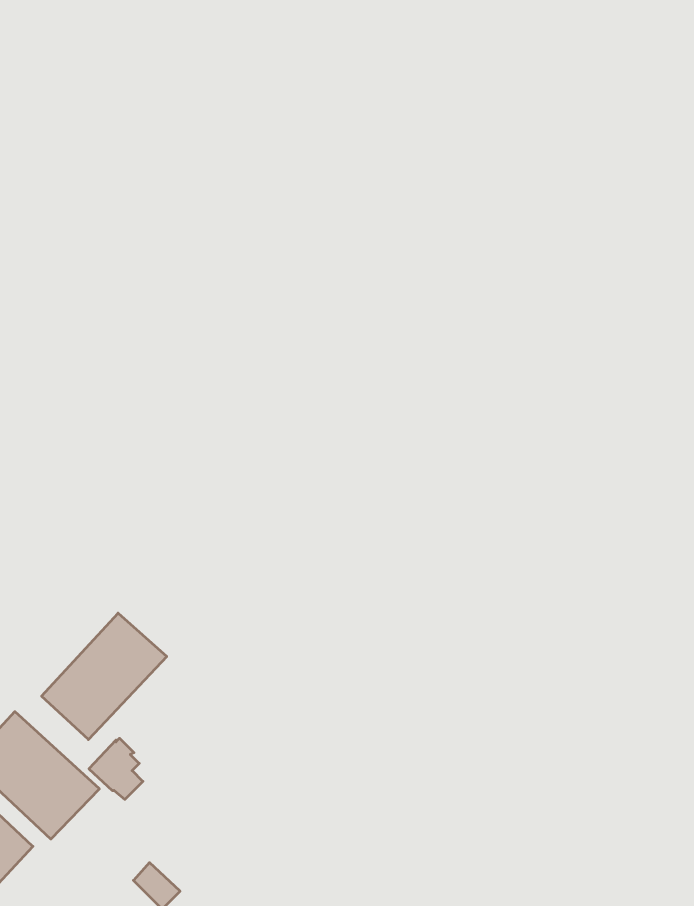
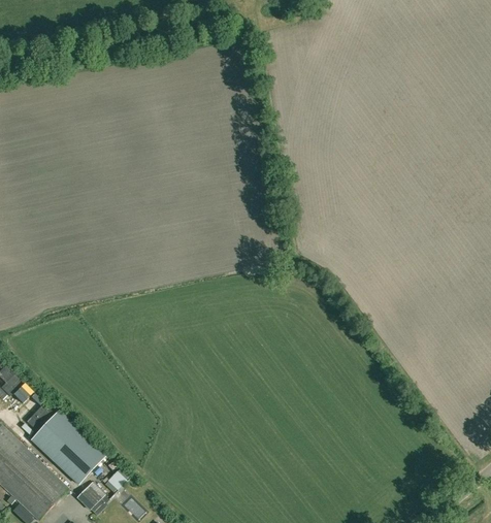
building: [42,613,167,740] -> none
building: [89,738,143,799] -> [74,479,105,514]

